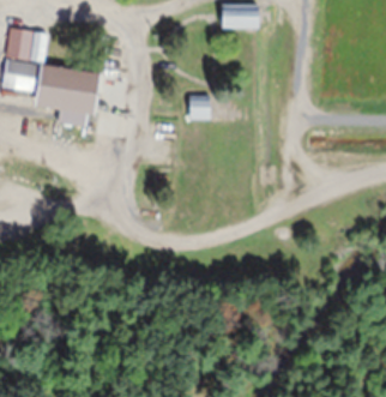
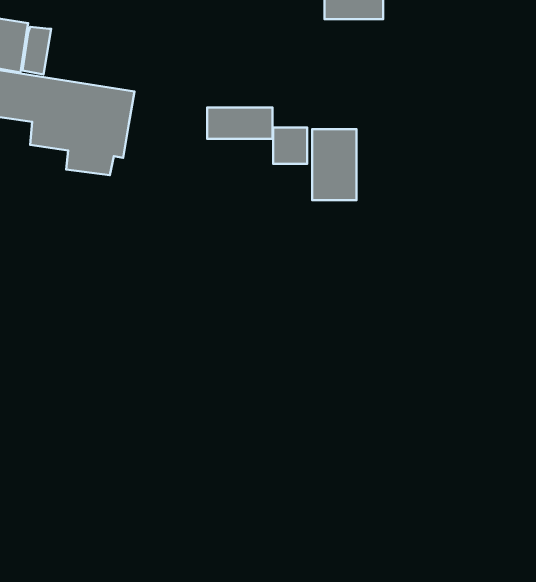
building: none -> [207,108,272,139]
building: none -> [312,129,357,200]

